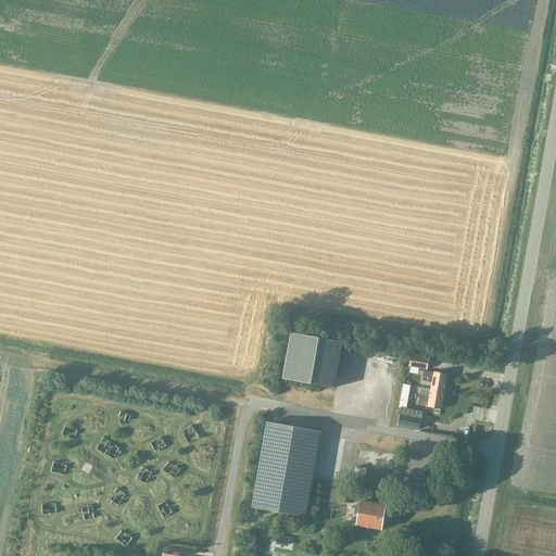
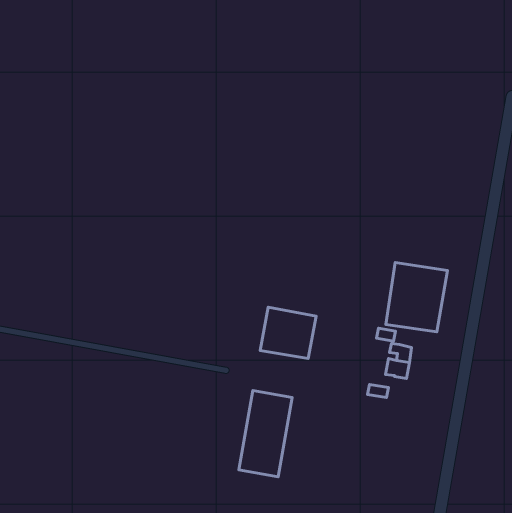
building: none -> [386,263,448,332]
building: [353,501,384,529] -> none

